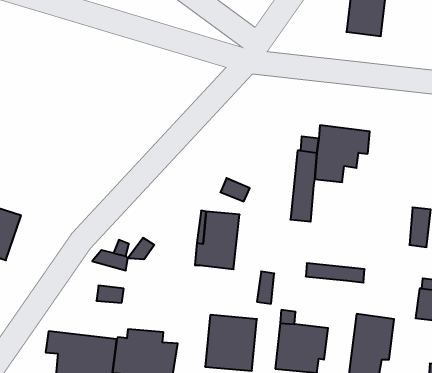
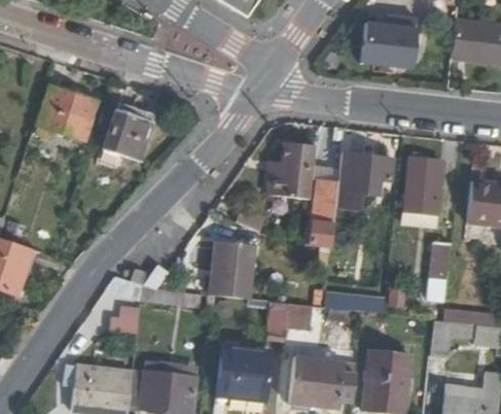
building: none -> [37,83,99,134]
building: none -> [105,100,156,161]
building: none -> [264,145,312,204]
building: none -> [401,157,435,212]

